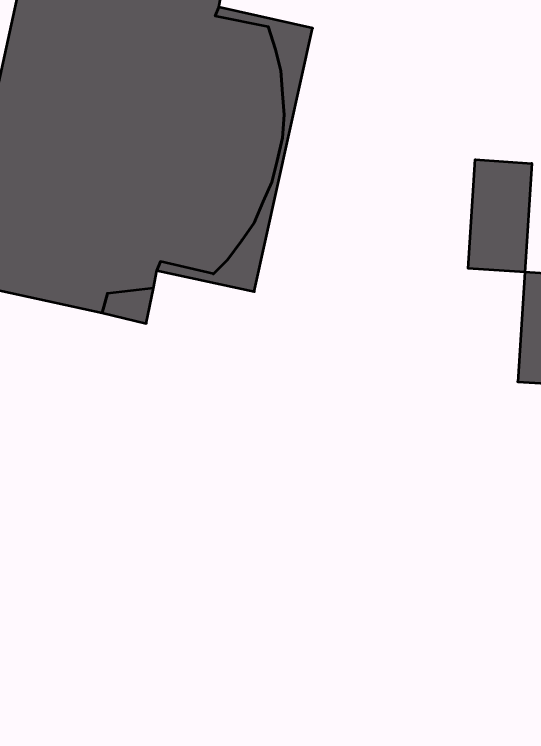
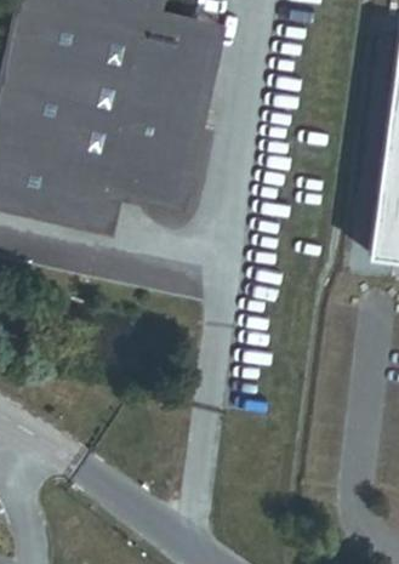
building: [468,160,532,272] -> none

